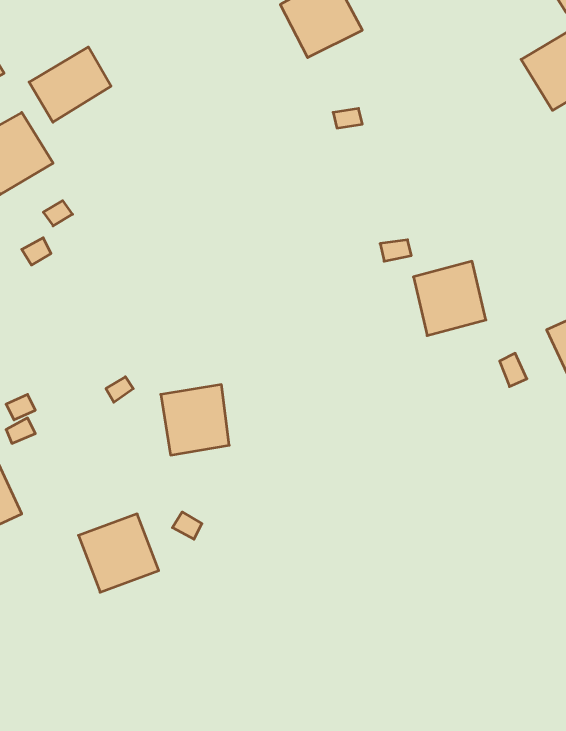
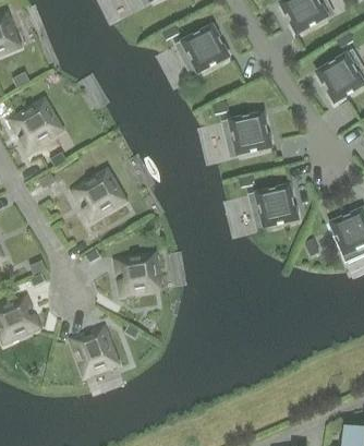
building: [29,47,111,122] -> none
building: none -> [231,112,271,153]
building: none -> [73,171,119,217]

